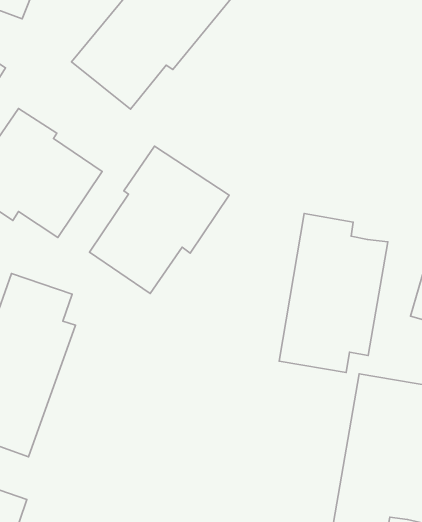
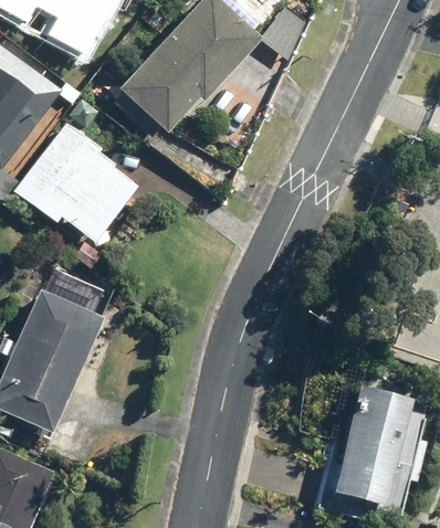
building: [89,146,229,294] -> none
building: [279,213,388,373] -> none

